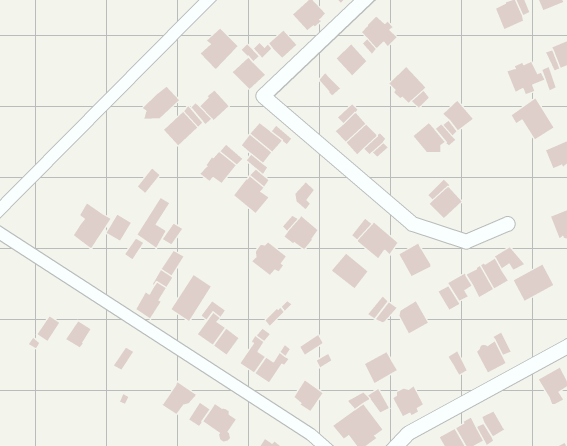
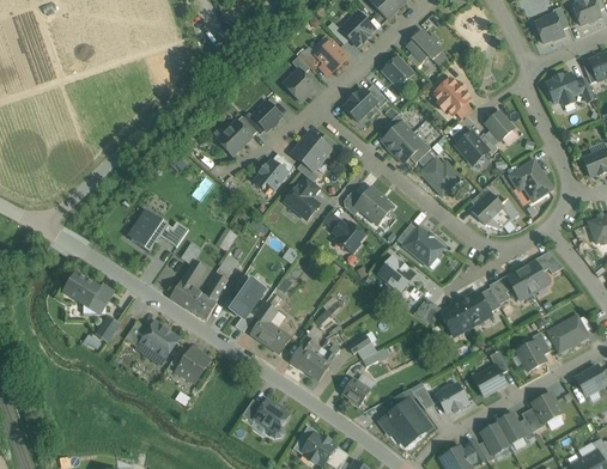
building: [200,28,239,70] -> none
building: none -> [344,89,376,120]
building: [141,86,180,120] -> none
building: [511,98,555,140] -> [510,159,552,200]
building: none -> [420,158,461,195]
building: none -> [356,187,391,224]
building: [136,197,170,248] -> [172,261,205,310]
building: [251,241,287,276] -> none
building: [399,243,431,277] -> [460,291,491,323]
building: [513,264,554,301] -> [548,315,588,351]
building: none -> [68,272,113,315]
building: none -> [141,322,178,358]
building: [364,351,398,384] -> [474,365,506,396]
building: [162,381,197,415] -> [177,347,211,379]
building: none -> [532,392,563,424]

